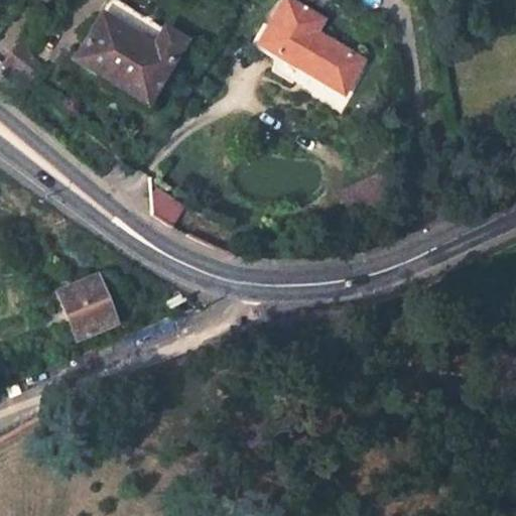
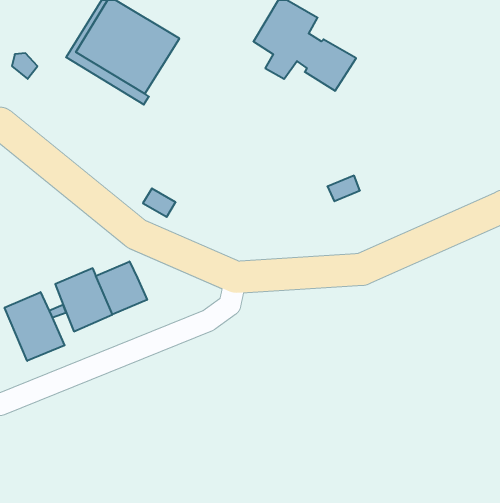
building: none -> [96,261,147,314]
building: none -> [5,292,65,361]

